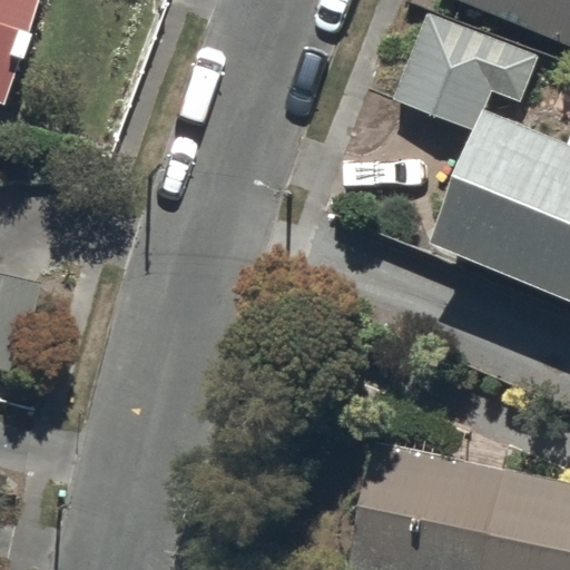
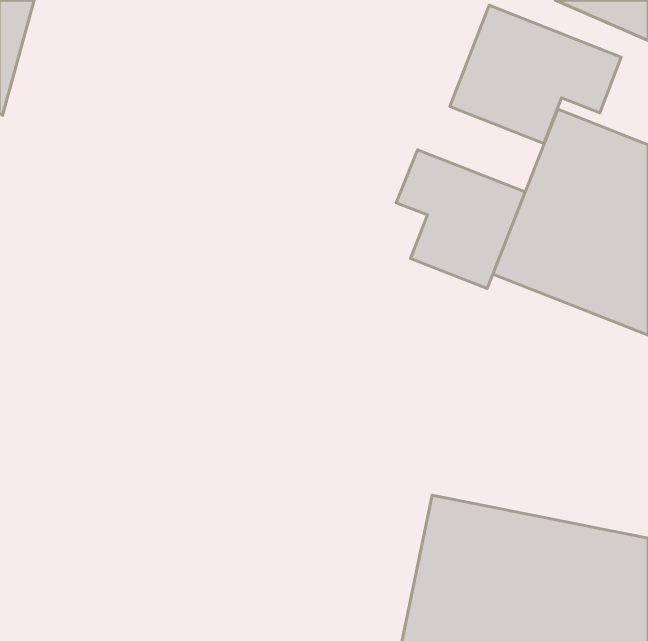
building: none -> [396,150,525,288]

